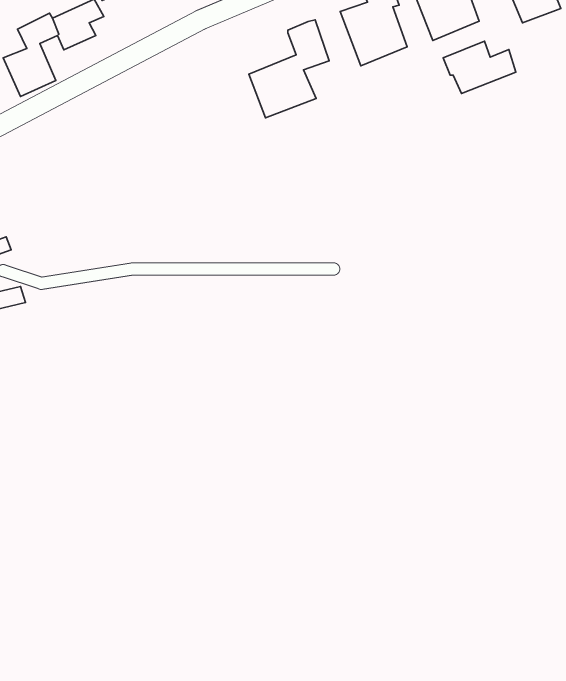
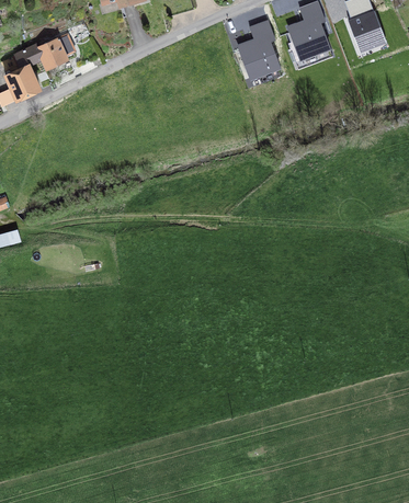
building: [249,20,329,118] -> none
building: [443,41,516,93] -> none

